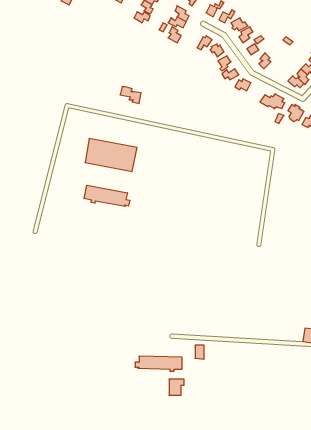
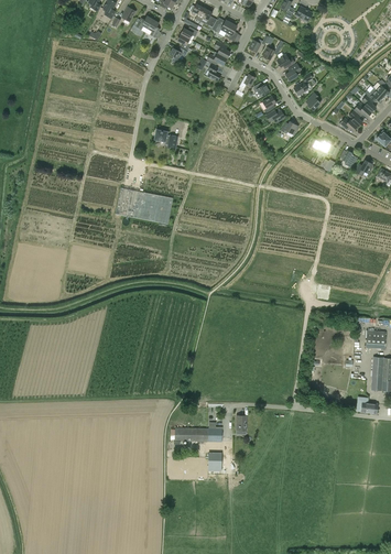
building: [84,185,130,206] -> none

